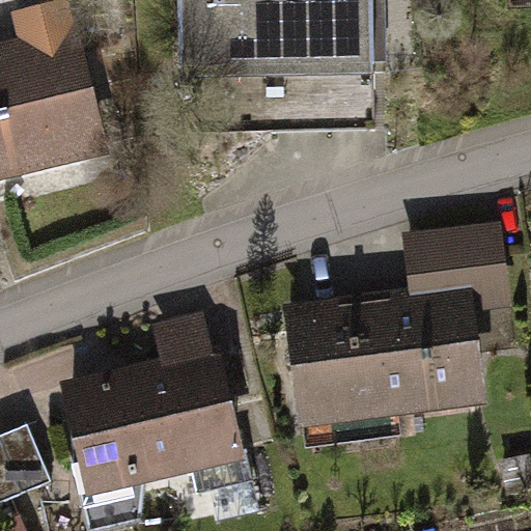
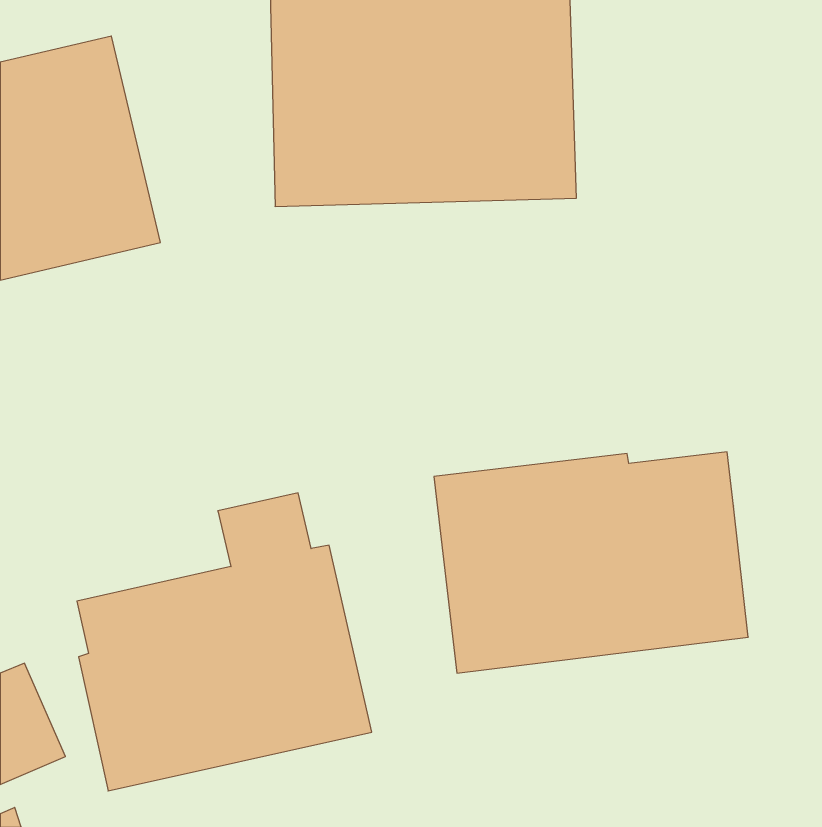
building: [400,221,509,320] -> none

